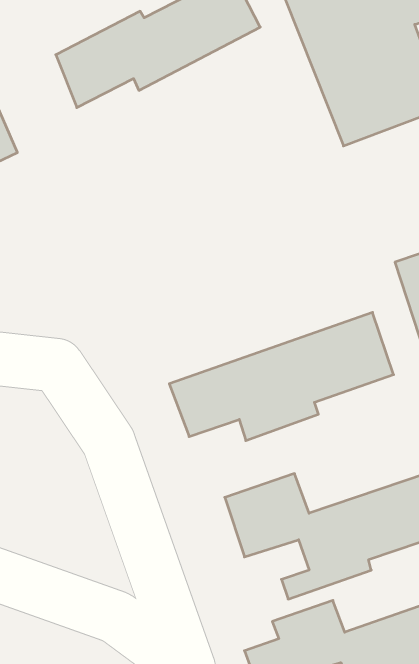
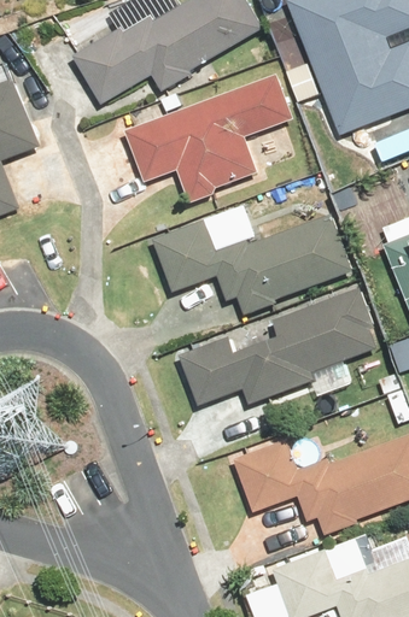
building: none -> [121,76,290,196]
building: none -> [152,205,355,313]

